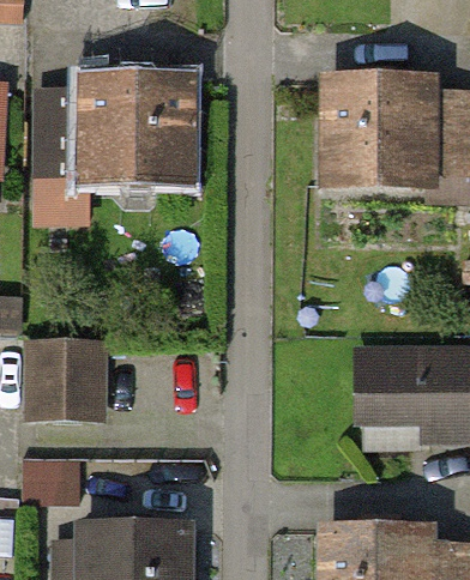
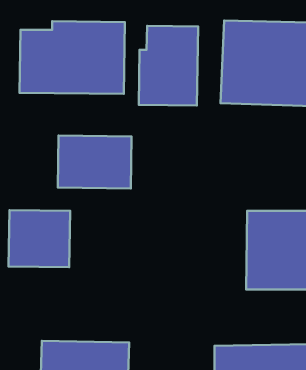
building: none -> [139,26,198,106]
building: none -> [58,136,131,188]

